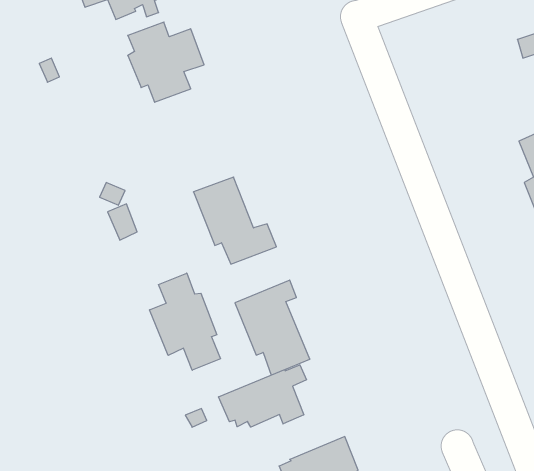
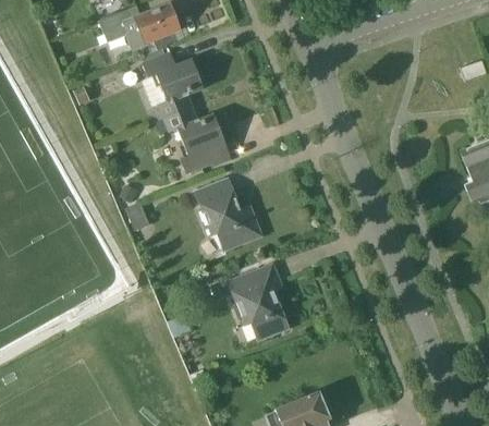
building: none -> [164,107,225,173]
building: [150,273,220,370] -> none
building: [219,365,306,427] -> none

